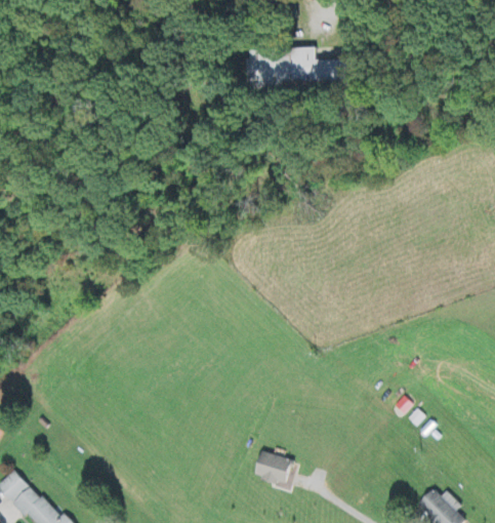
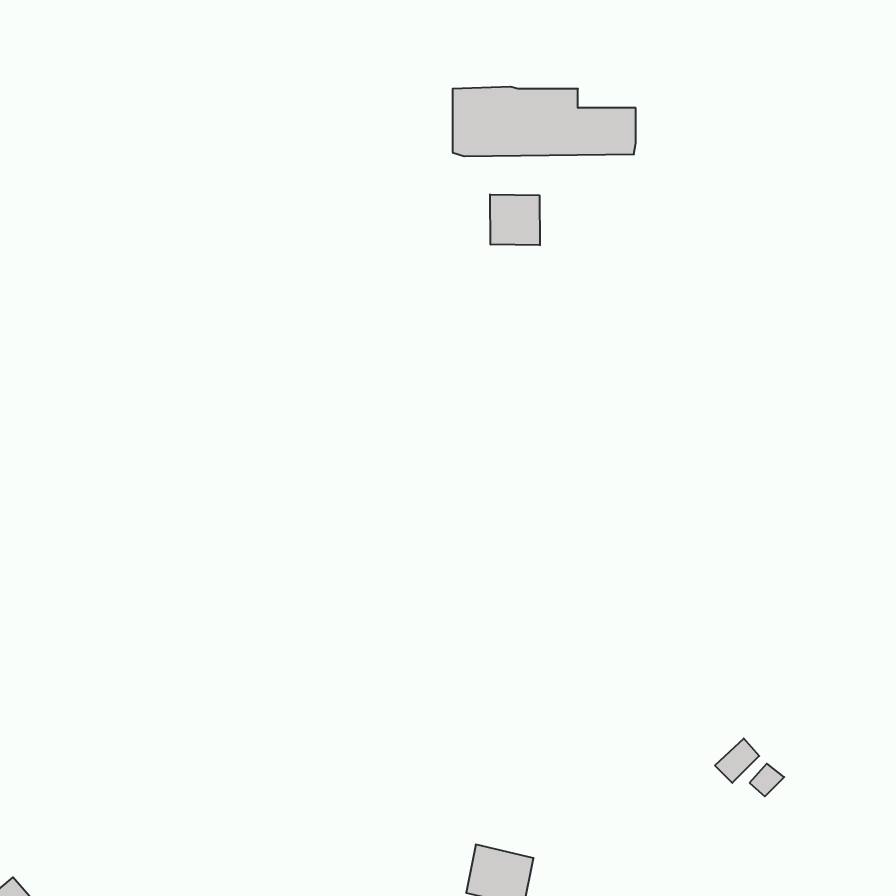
building: none -> [490,194,540,245]

